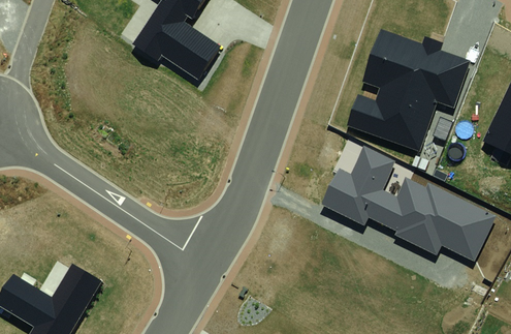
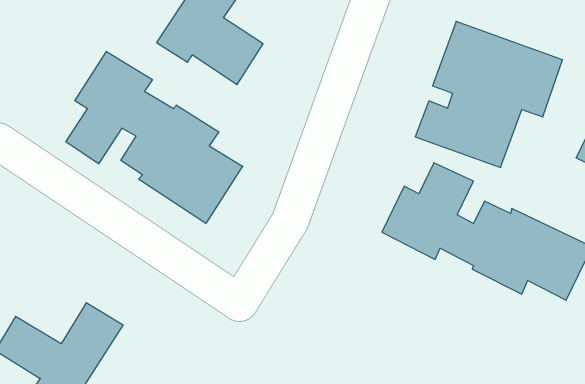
building: none -> [66,51,243,223]

